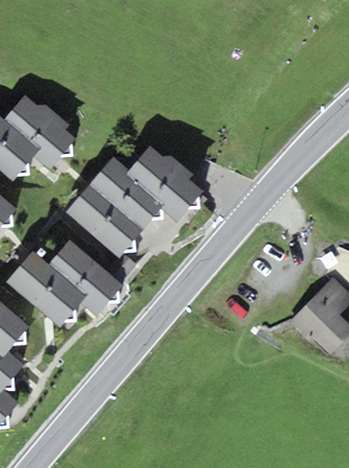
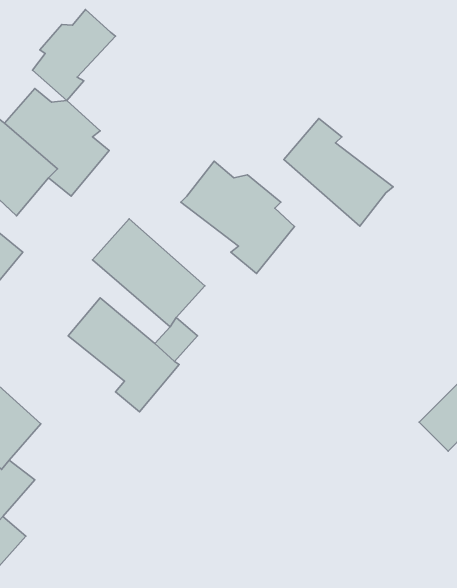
building: none -> [32,10,116,100]
building: [89,156,164,230] -> [284,119,393,226]
building: [6,251,86,327] -> none

